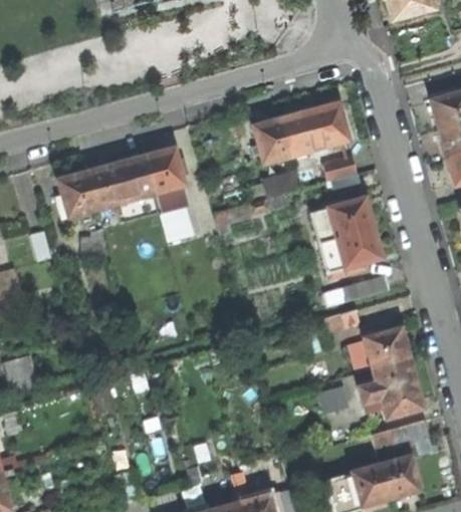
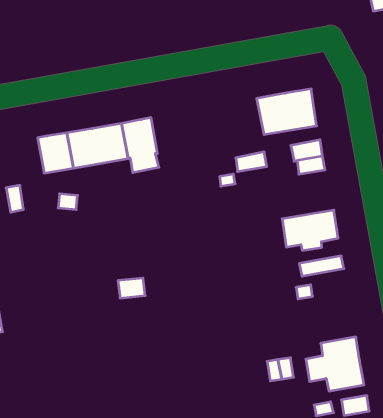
building: [253,118,293,163] -> none
building: [311,195,374,242] -> none
building: [362,327,409,368] -> none

